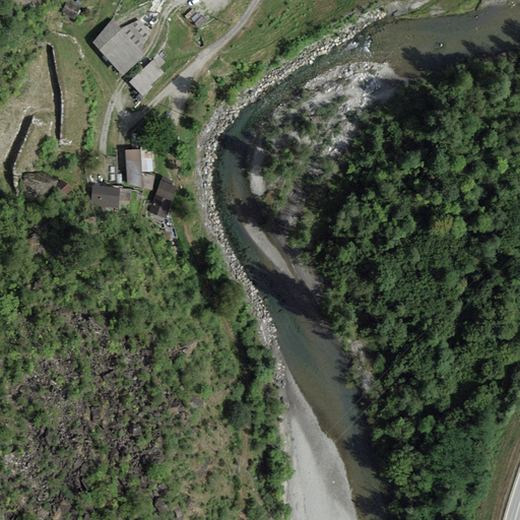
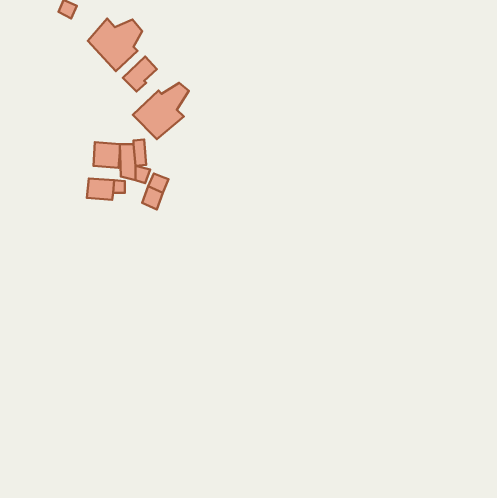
building: none -> [133,83,189,139]
building: none -> [94,142,120,168]

